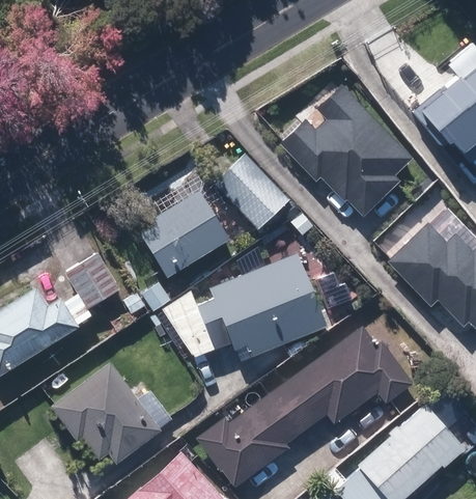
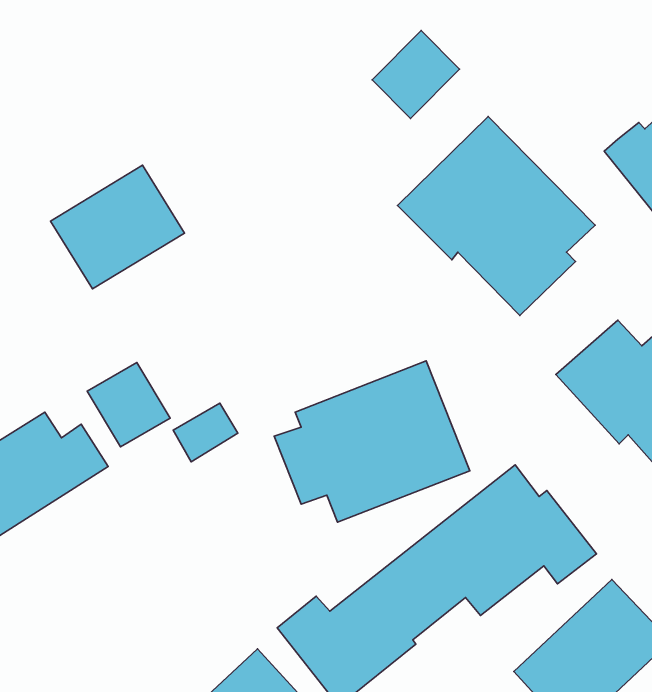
building: none -> [372,31,459,119]
building: [212,151,289,229] -> none
building: [137,191,229,276] -> [50,165,185,289]
building: [51,359,164,464] -> none

